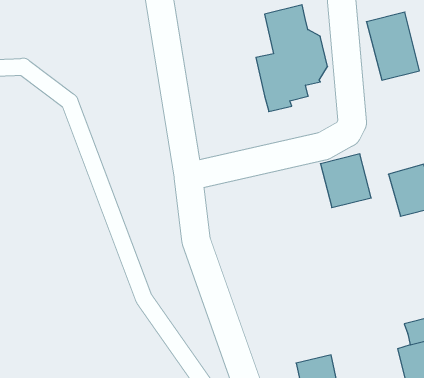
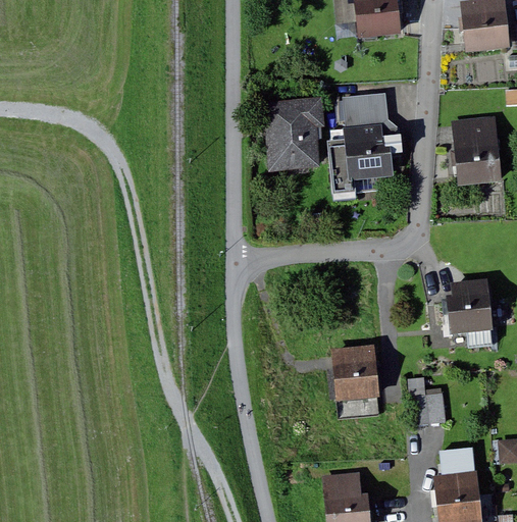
building: none -> [262,97,322,173]
building: [320,154,371,208] -> [332,348,381,401]
building: none -> [408,393,446,424]

